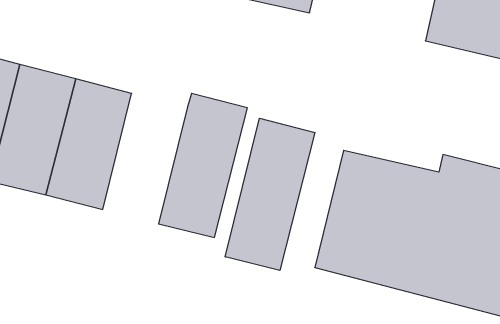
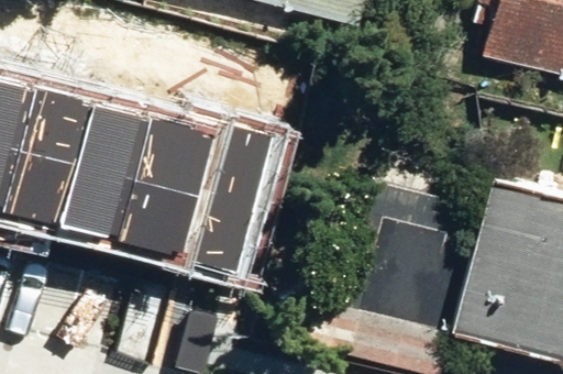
building: none -> [136,119,227,257]
building: [225,118,315,270] -> none

